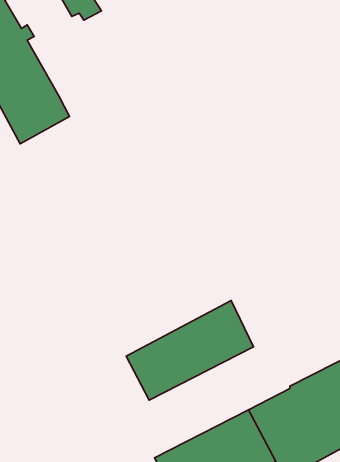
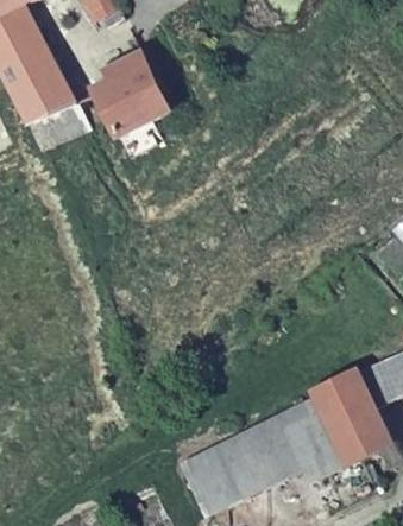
building: none -> [93,51,169,133]
building: [126,300,254,400] -> none

